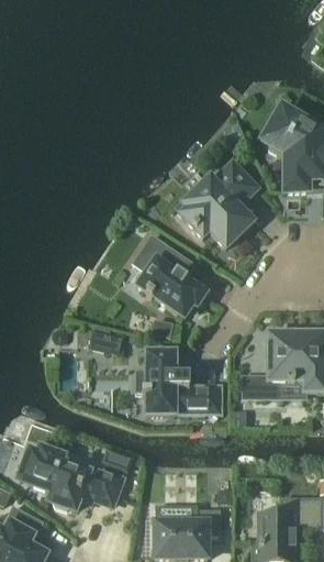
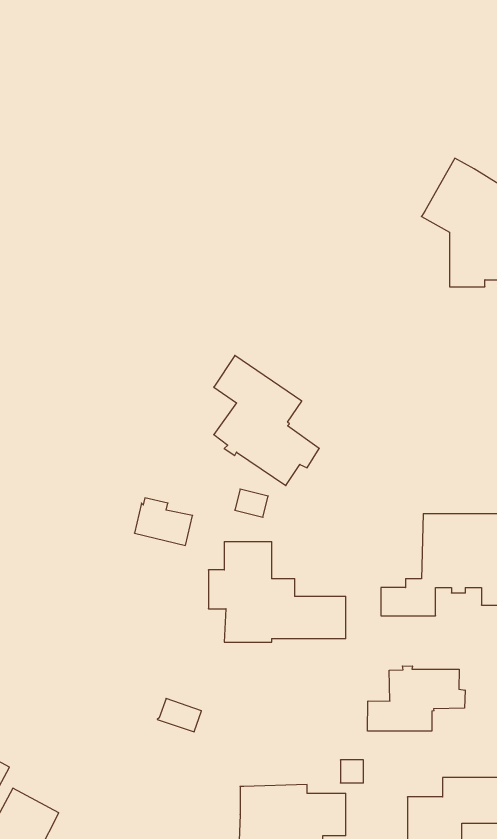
building: [178,162,257,245] -> none
building: none -> [368,666,465,731]
building: [20,448,122,510] -> none

